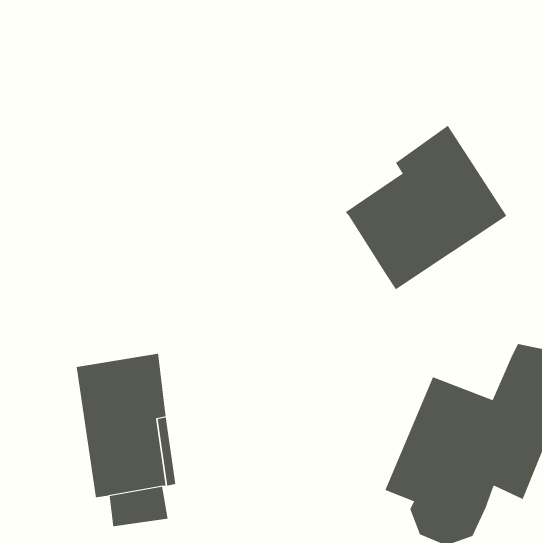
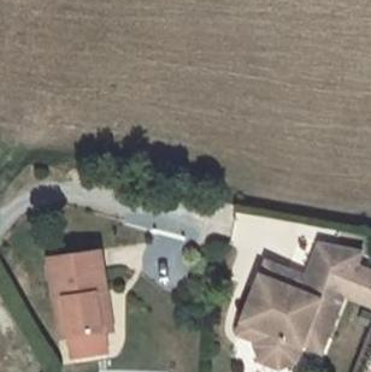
building: [345,125,507,290] -> none

